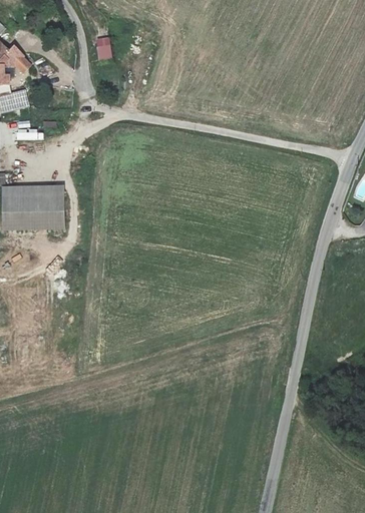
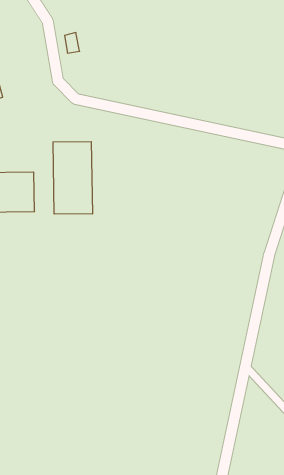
building: none -> [53,142,92,214]

